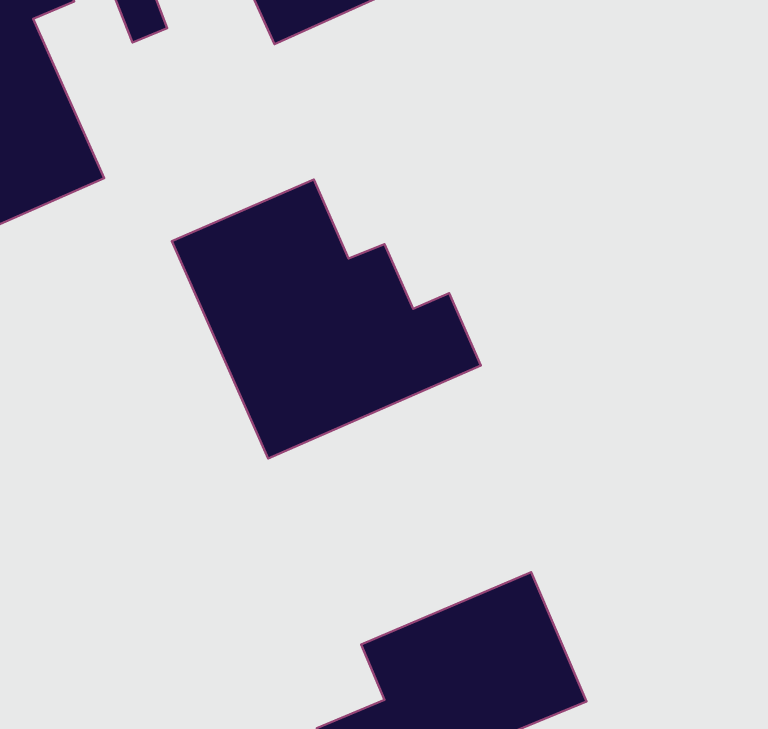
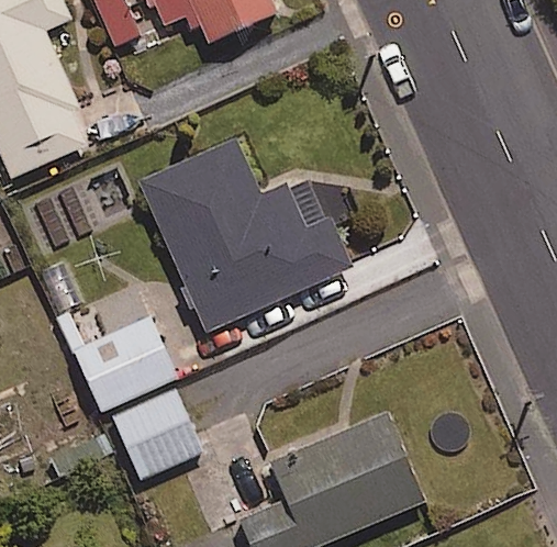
building: none -> [73,312,180,408]
building: none -> [111,388,199,475]

